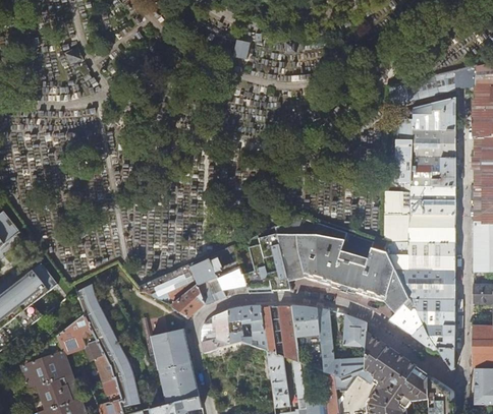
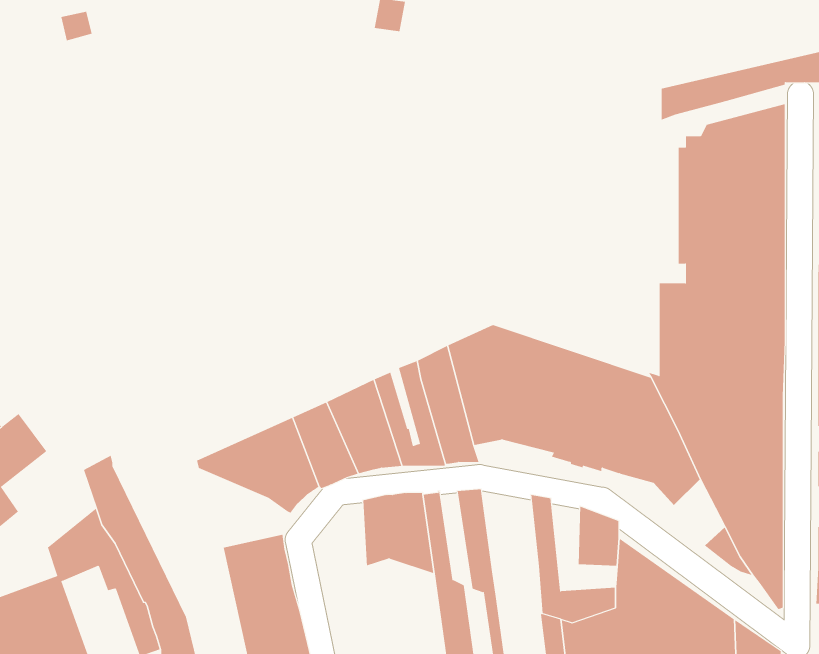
building: [389,300,423,336] -> none
building: [291,305,322,350] -> none
building: [201,311,229,354] -> none

